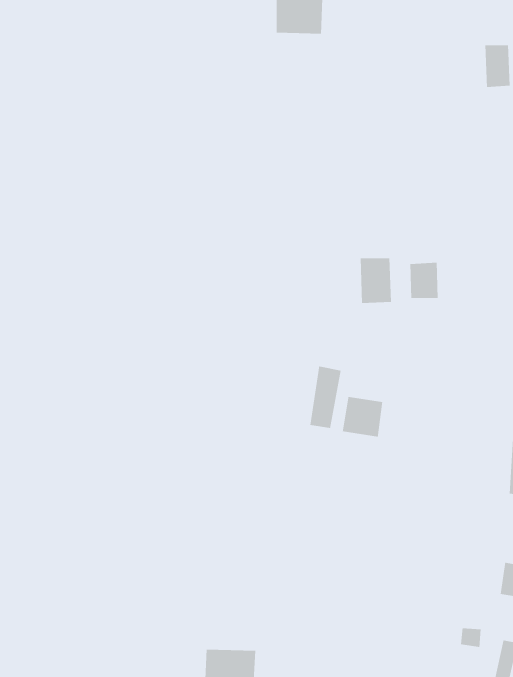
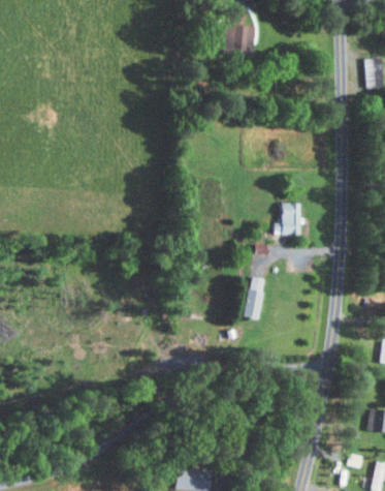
building: [410,262,438,299] -> none
building: [342,396,383,437] -> none

